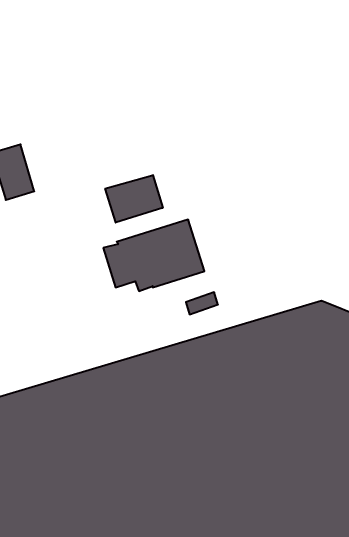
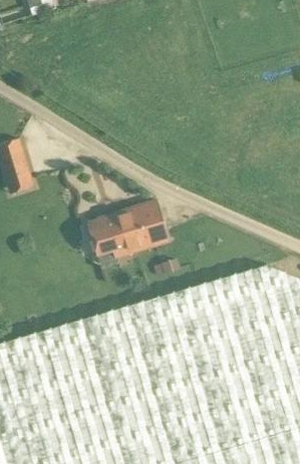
building: [105,175,163,223] -> none

